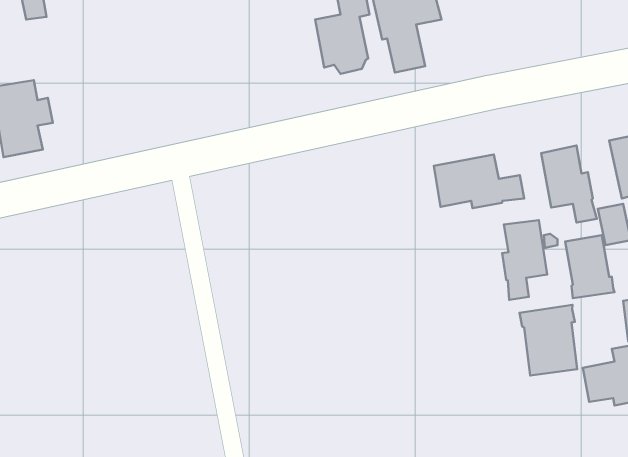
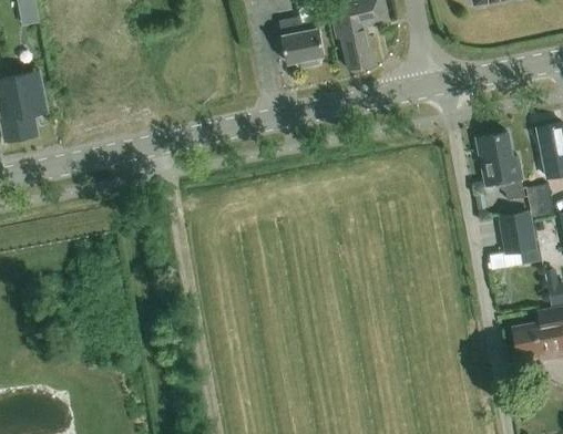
building: [434,154,524,208] -> none
building: [502,220,547,300] -> none
building: [519,305,577,376] -> none

